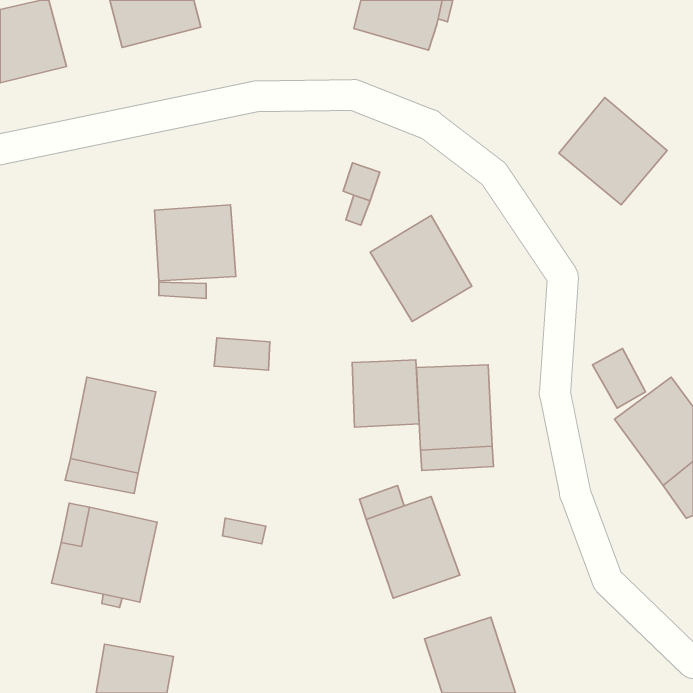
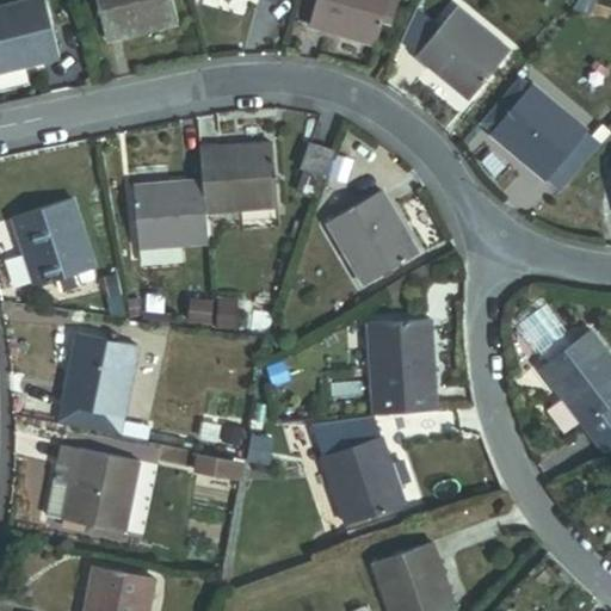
building: none -> [415,6,510,99]
building: none -> [202,144,278,211]
building: none -> [14,198,95,286]
building: [352,360,419,427] -> none

